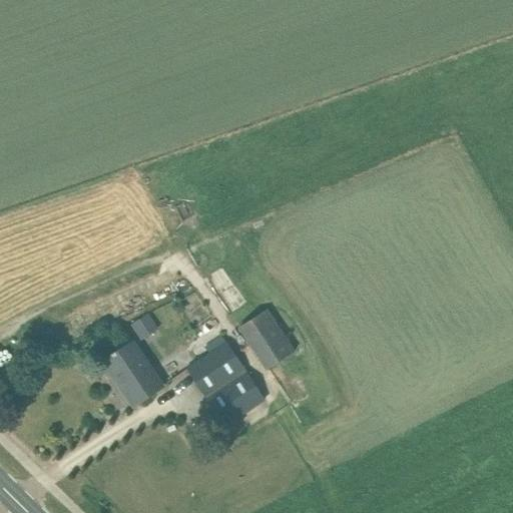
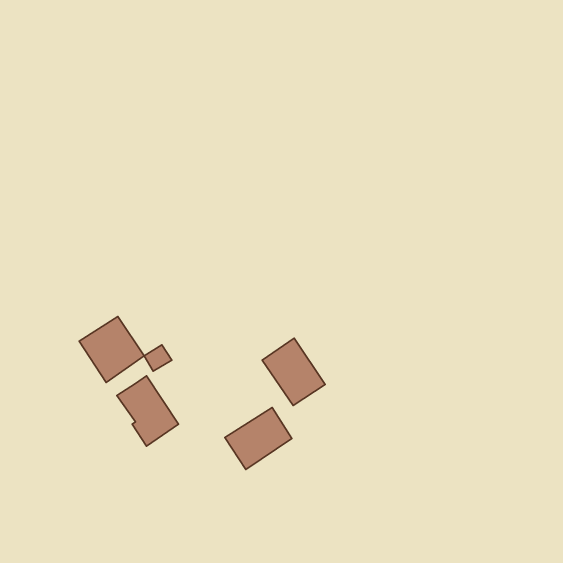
building: none -> [79,316,144,383]
building: [185,334,247,398] -> none

